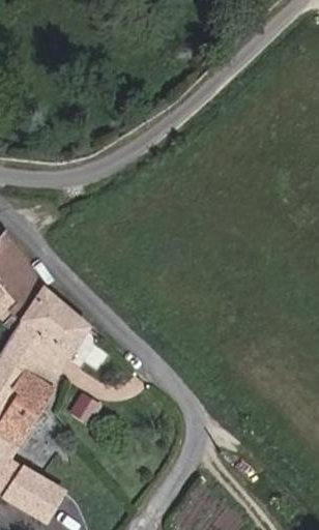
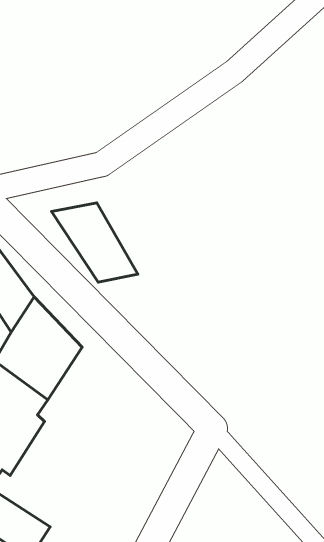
building: none -> [52,203,138,282]

